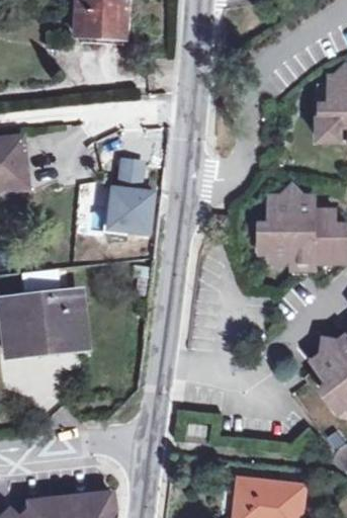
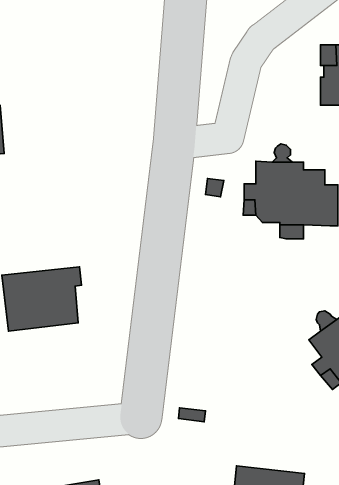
building: [109,163,154,237] -> none

